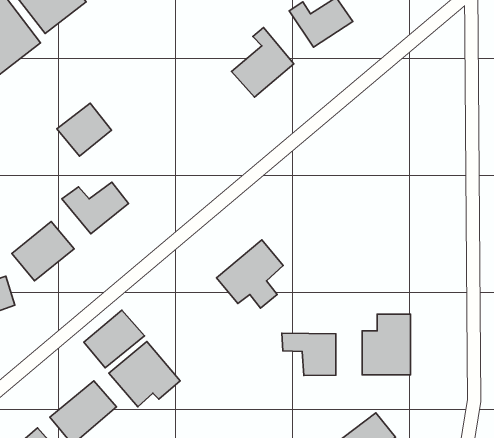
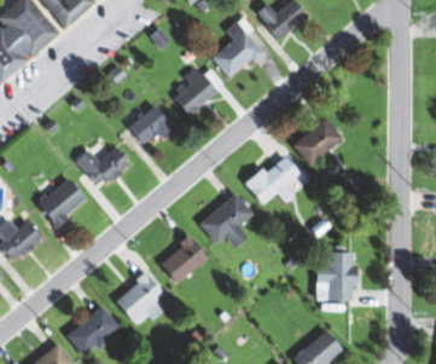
building: none -> [173,71,215,116]
building: [57,103,111,156] -> [128,105,172,148]
building: none -> [292,119,342,164]
building: none -> [244,156,298,203]
building: [84,310,145,368] -> [159,236,208,282]
building: [282,333,336,375] -> none

